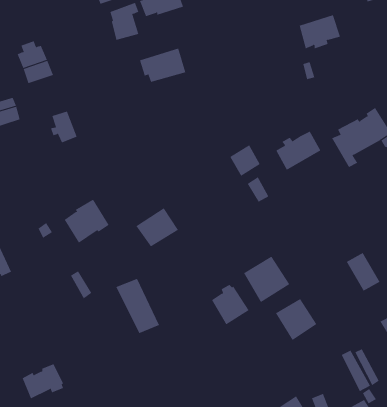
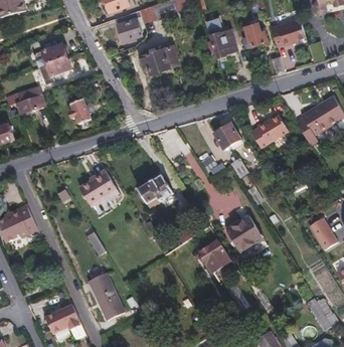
building: none -> [204,19,235,61]
building: none -> [241,24,268,49]
building: [115,278,160,334] -> [89,273,125,318]
building: [275,298,317,341] -> none

